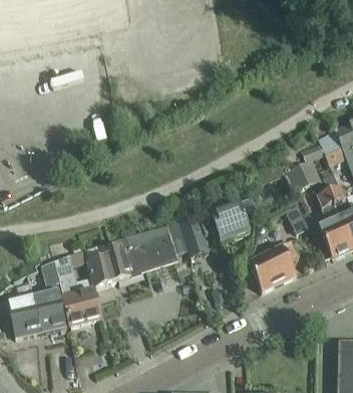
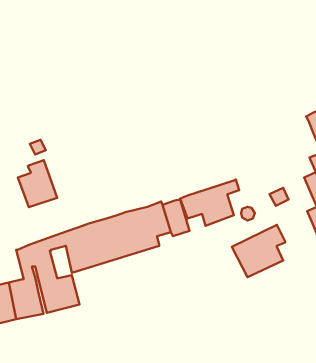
building: [289,160,319,188] -> none
building: none -> [18,160,57,207]

